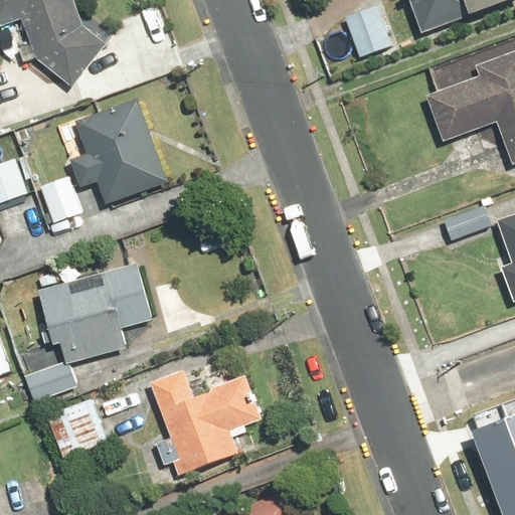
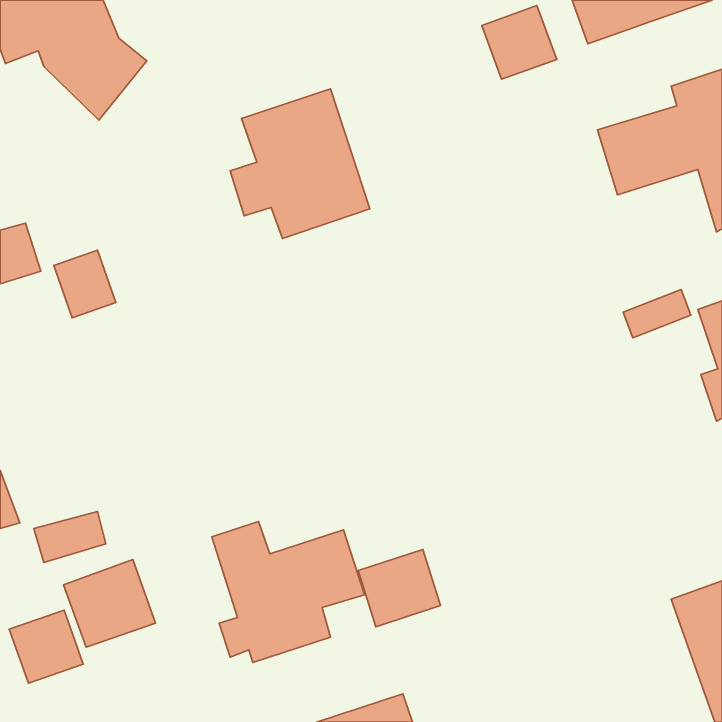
building: [69,97,169,203] -> [230,89,370,239]
building: [37,266,149,362] -> none
building: none -> [358,549,441,627]
building: none -> [9,610,83,683]

